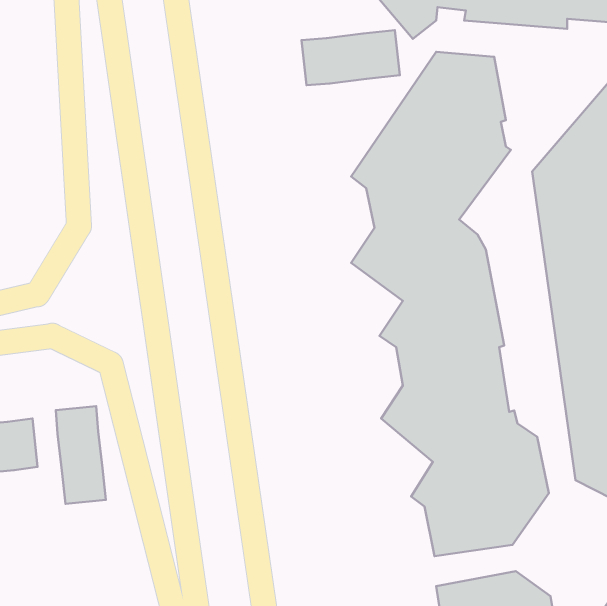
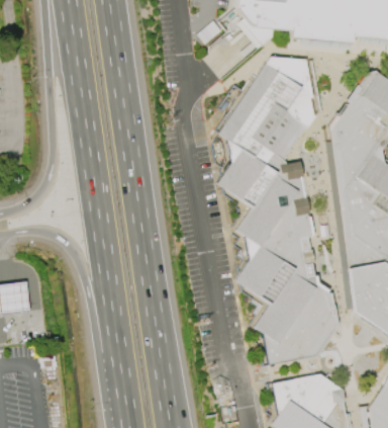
building: [302,30,400,85] -> none
building: [56,406,106,504] -> none

